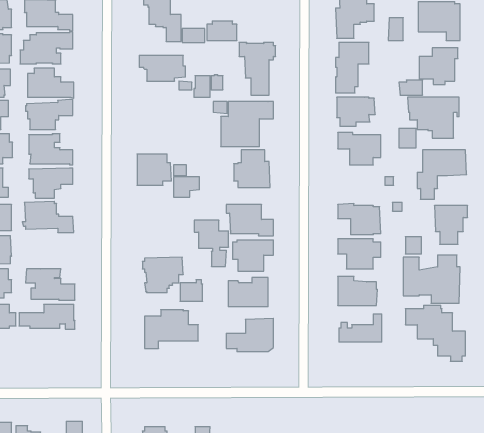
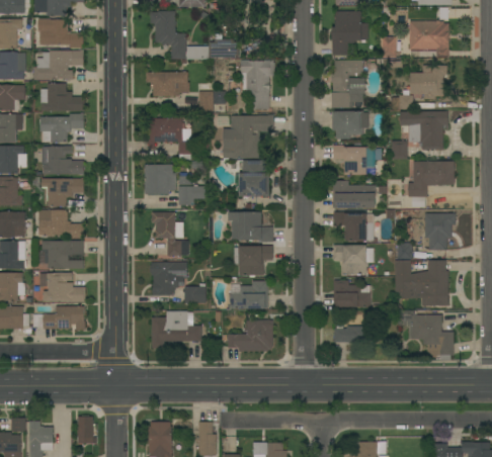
building: none -> [148,118,191,160]
building: none -> [333,181,376,208]
building: [194,220,229,266] -> [151,212,183,256]
building: none -> [42,241,83,269]

